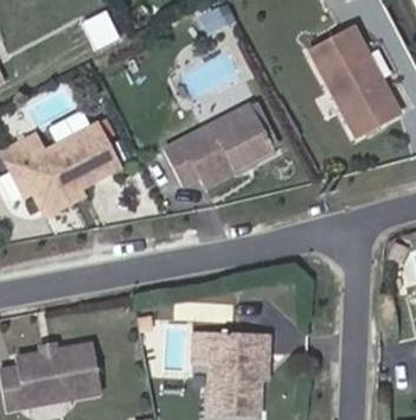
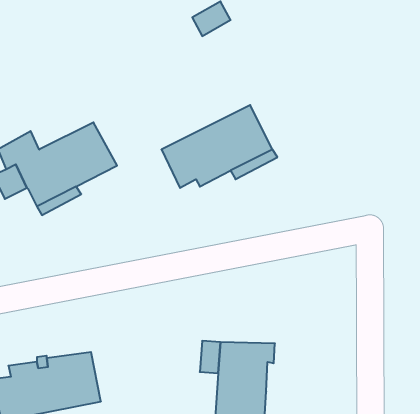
building: [306,28,398,139] -> none

